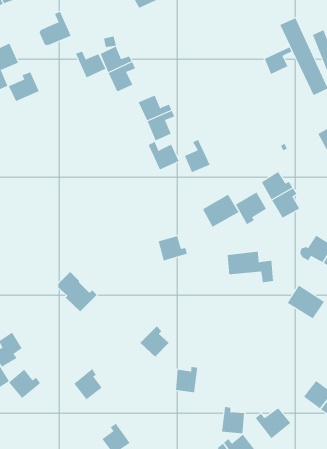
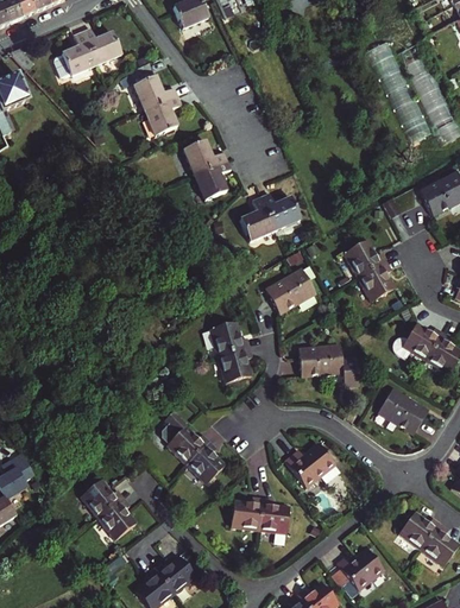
building: [264,47,292,75] -> none
building: [75,51,106,78] -> [82,27,122,63]
building: [8,72,40,102] -> none
building: [148,141,180,170] -> [263,194,304,232]
building: [235,192,267,225] -> none
building: none -> [216,348,251,384]
building: [58,271,98,312] -> [156,411,208,464]
building: none -> [284,443,334,487]
building: [8,369,41,399] -> [81,479,124,518]
building: [221,406,245,434] -> [258,496,289,532]
building: none -> [155,557,196,595]

